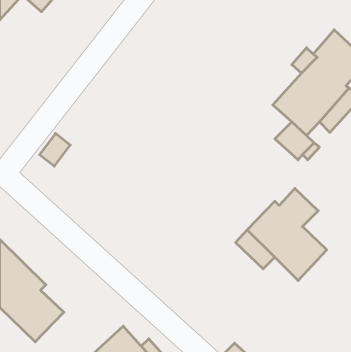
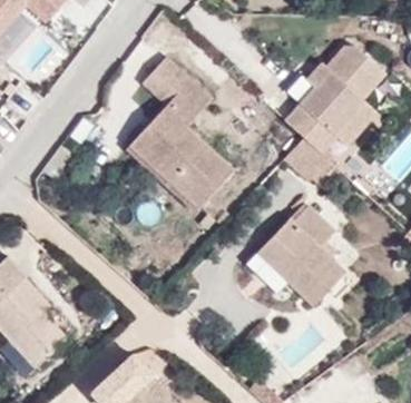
building: none -> [128,58,233,209]

